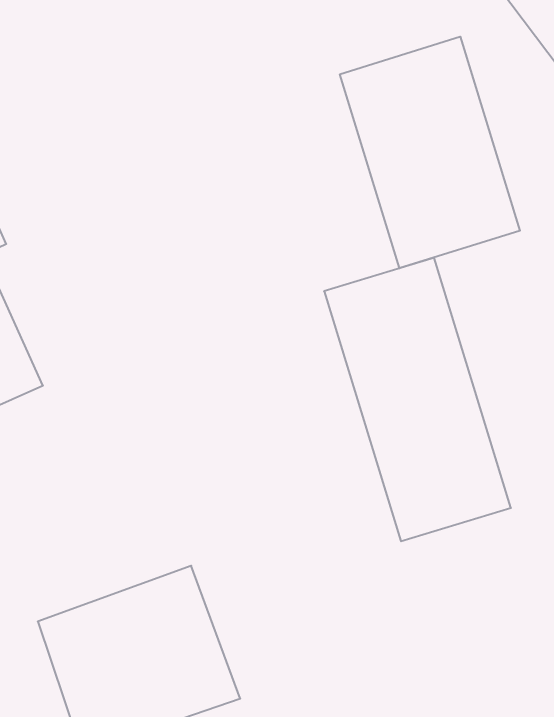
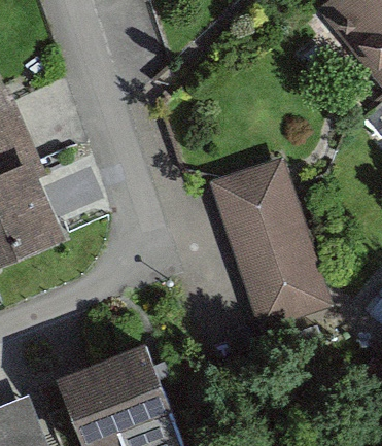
building: [340,37,520,268] -> none

